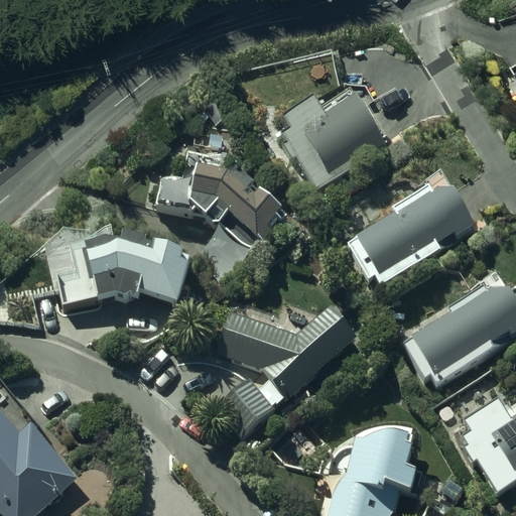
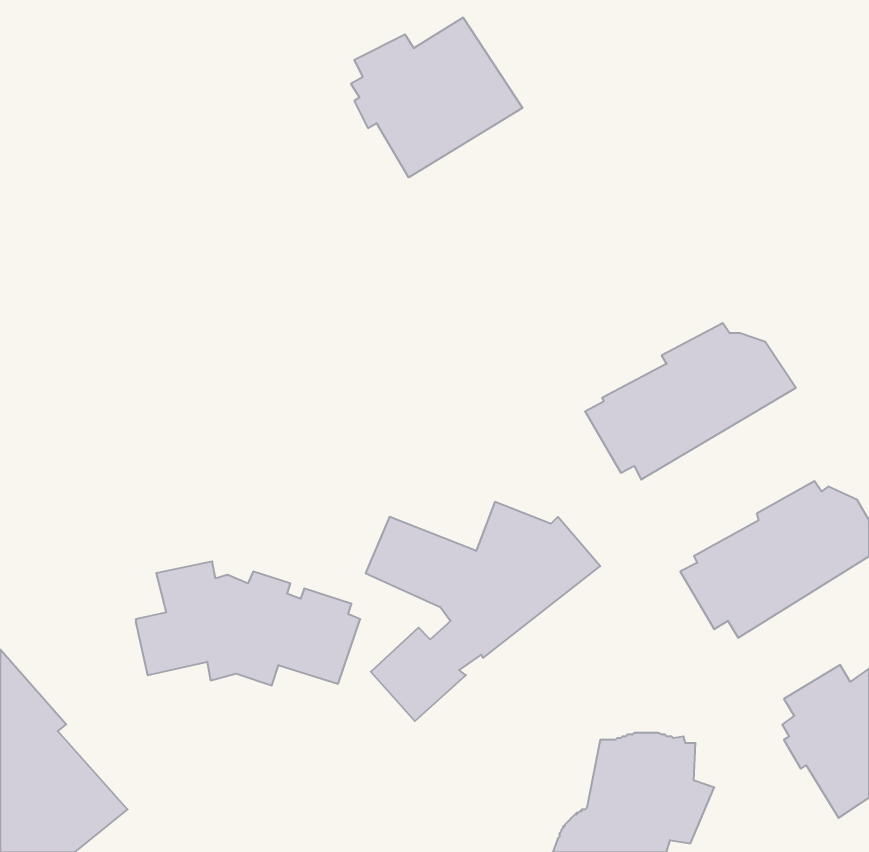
building: [281,90,383,184] -> [351,18,523,177]
building: [155,143,285,241] -> none
building: [54,244,187,317] -> [136,561,360,686]

